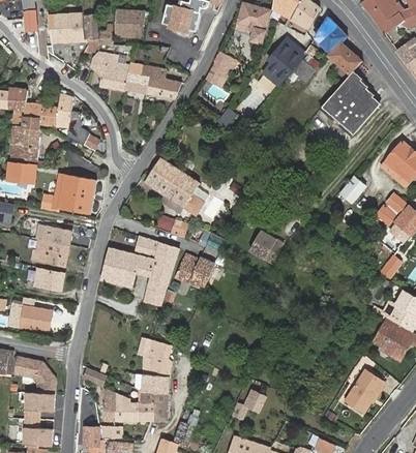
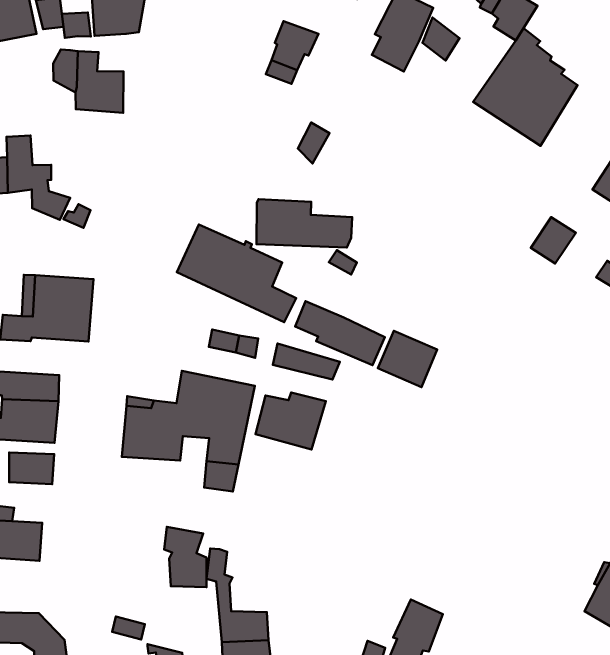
building: [125,65,180,98] -> [257,199,352,248]
building: none -> [295,301,385,365]
building: [149,340,172,376] -> [164,527,206,587]

